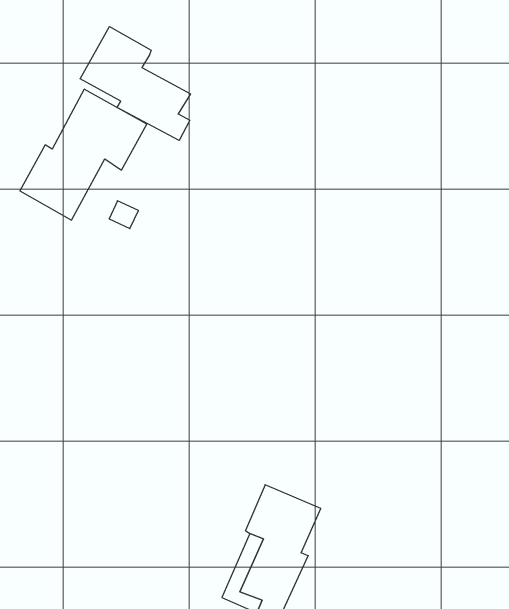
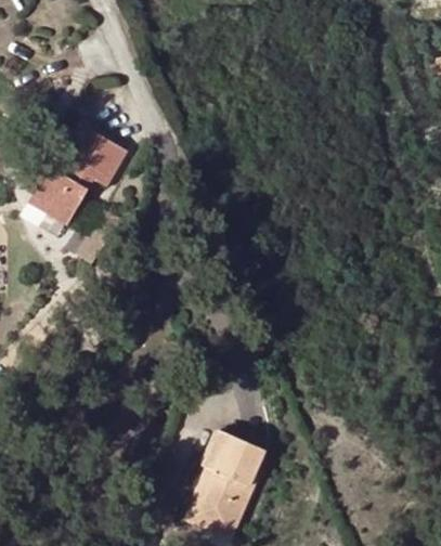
building: [80,27,191,140] -> none

